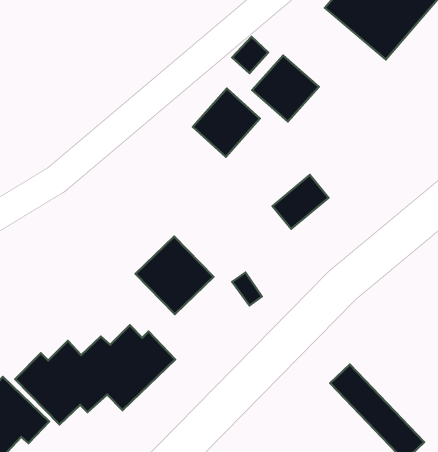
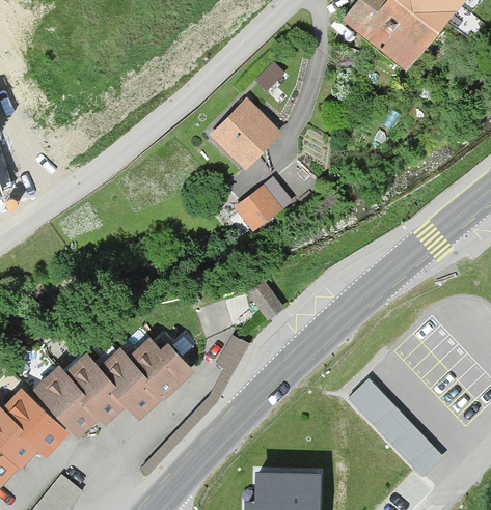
building: [252,55,319,121] -> none
building: [273,175,328,229] -> [236,177,292,231]
building: [135,237,213,314] -> none

